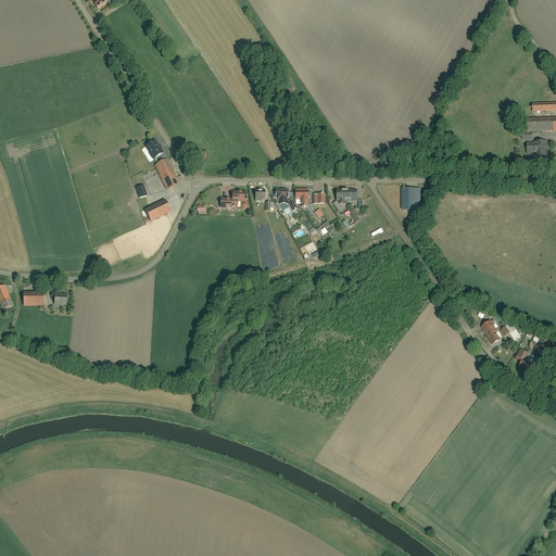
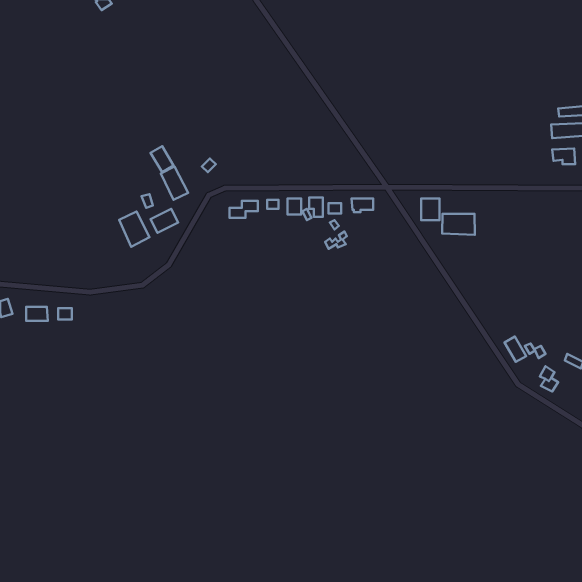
building: none -> [119,211,149,247]
building: none -> [442,214,475,235]

